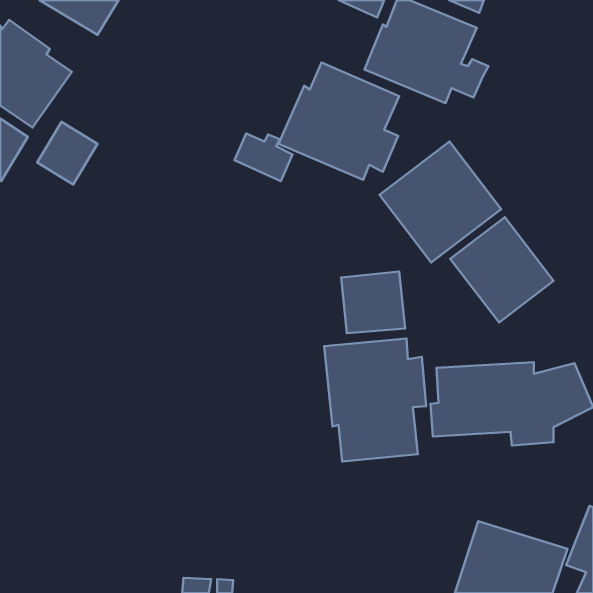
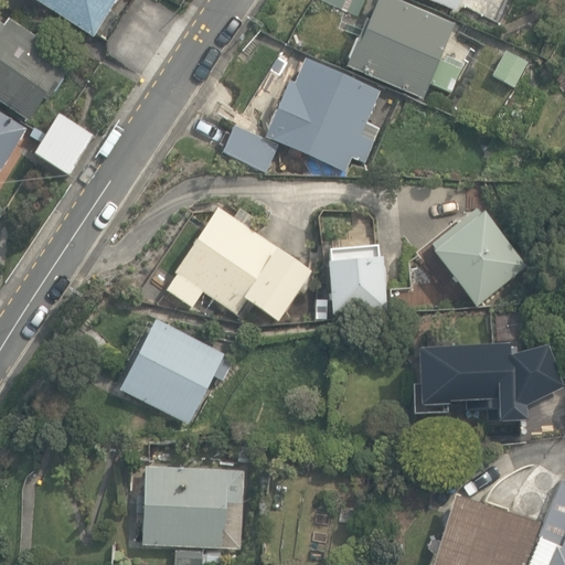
building: [380,141,501,263] -> none
building: none -> [164,203,307,316]
building: none -> [118,317,230,419]
building: [324,339,426,462] -> none
building: none -> [136,466,245,550]

